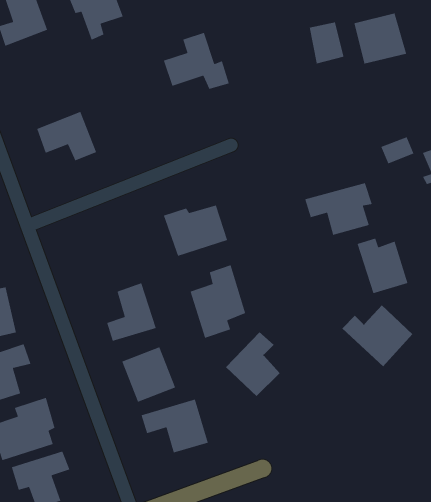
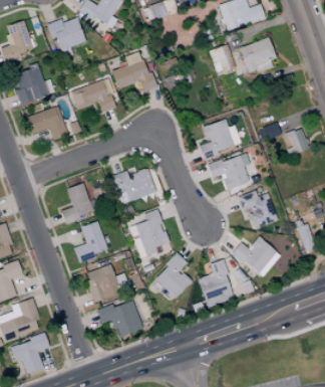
building: none -> [14,65,48,106]
building: none -> [70,78,115,113]
building: none -> [199,120,241,158]
building: none -> [60,184,92,223]
building: none -> [198,259,239,308]

